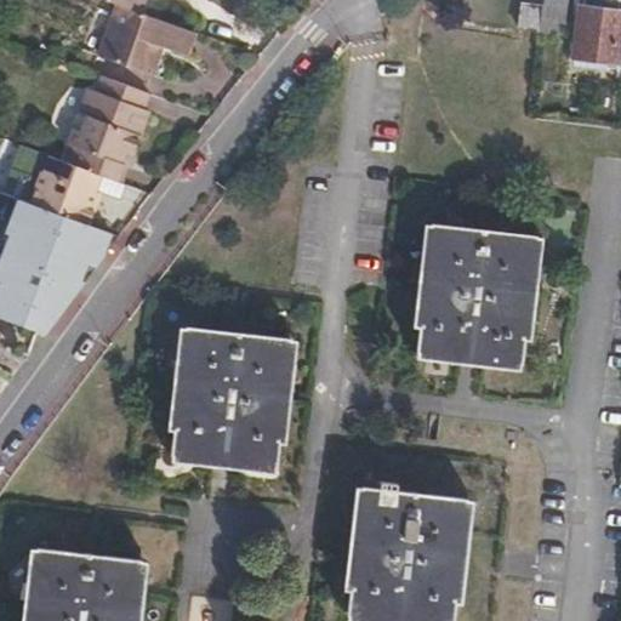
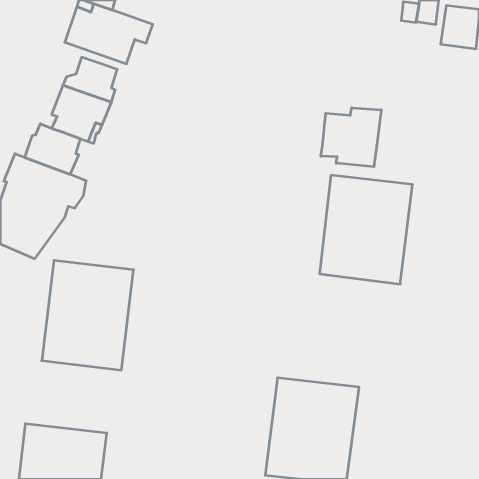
building: none -> [321,108,381,167]
building: [170,326,289,468] -> [42,260,134,370]

